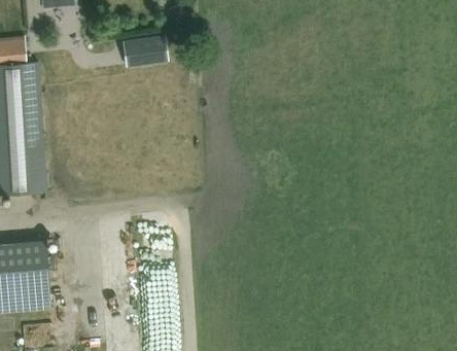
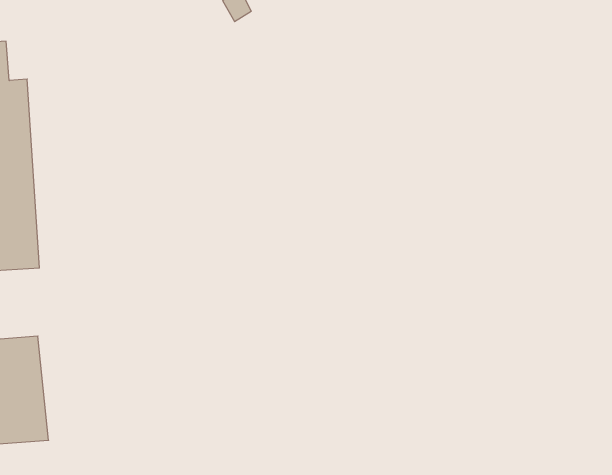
building: [121,36,168,68] -> none

